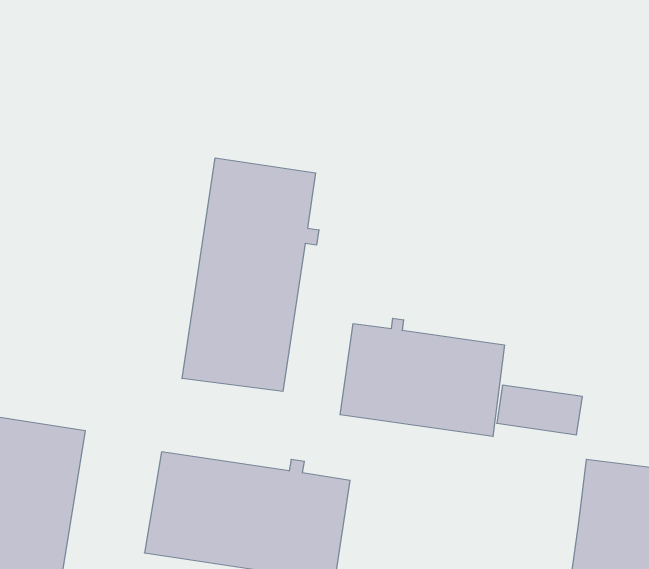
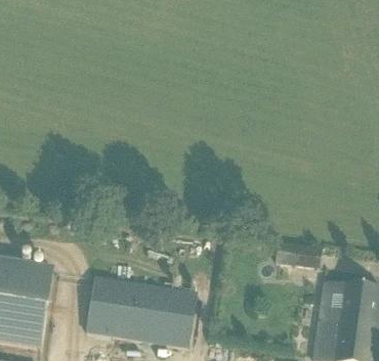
building: [182,158,319,391] -> none
building: [340,318,504,437] -> none

